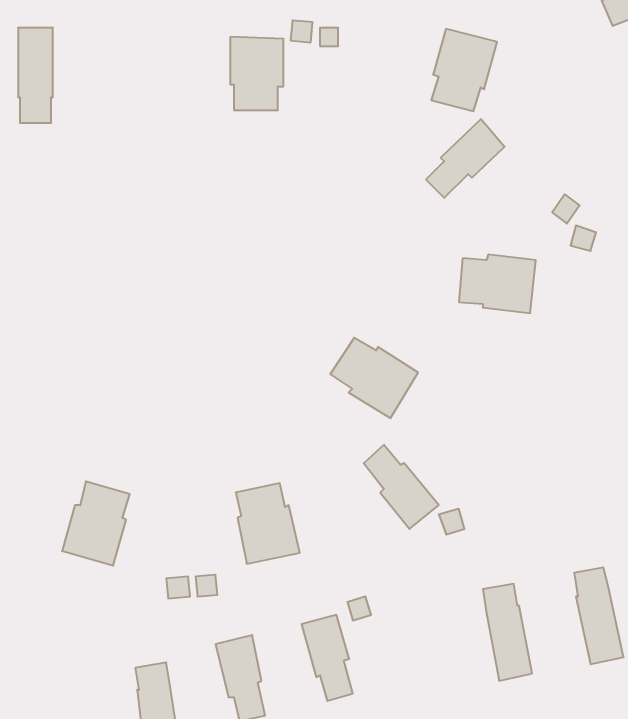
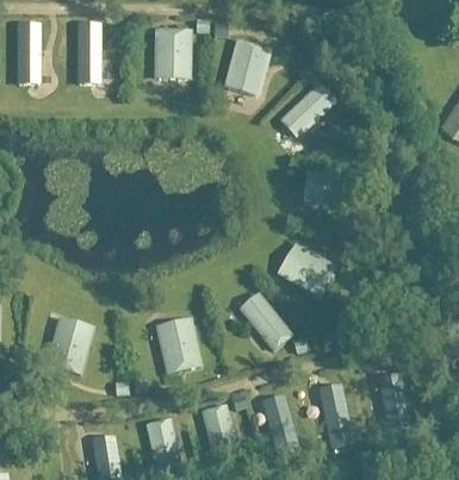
building: none -> [77,23,99,85]
building: [431,29,497,111] -> [227,39,269,93]
building: [330,338,418,418] -> [279,245,336,298]
building: none -> [263,395,294,459]

